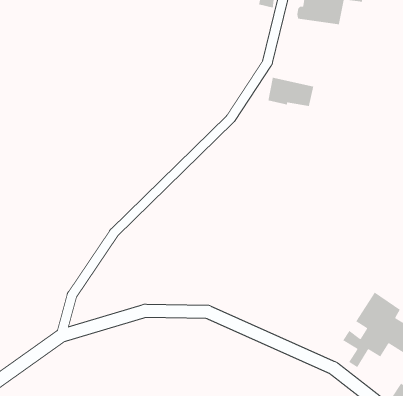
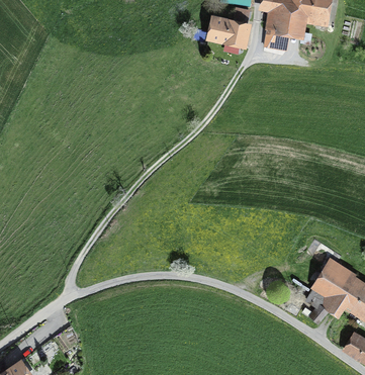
building: [267,77,314,107] -> [209,17,249,42]

